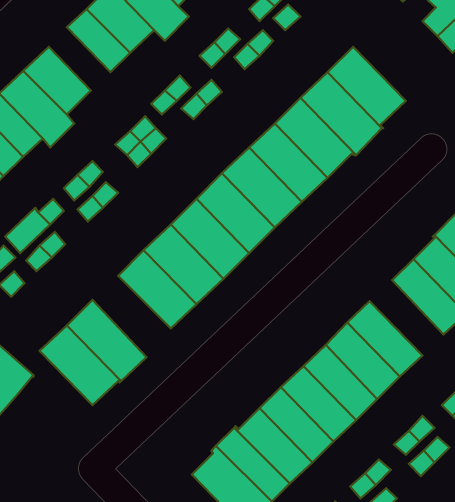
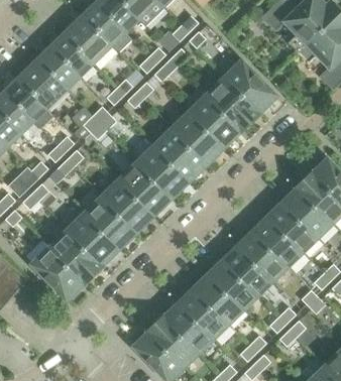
building: none -> [36,47,78,90]
building: none -> [66,214,118,268]
building: none -> [251,217,301,267]

